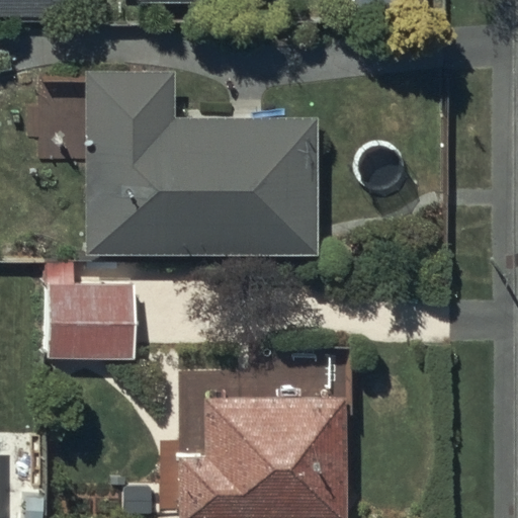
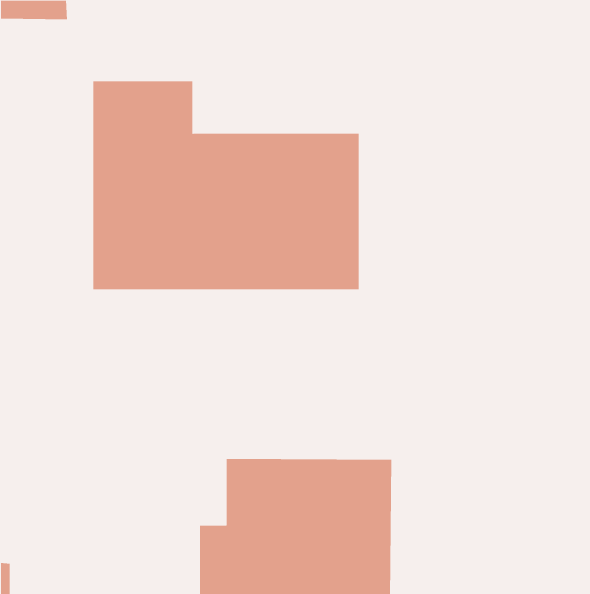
building: [49,262,134,360] -> none

